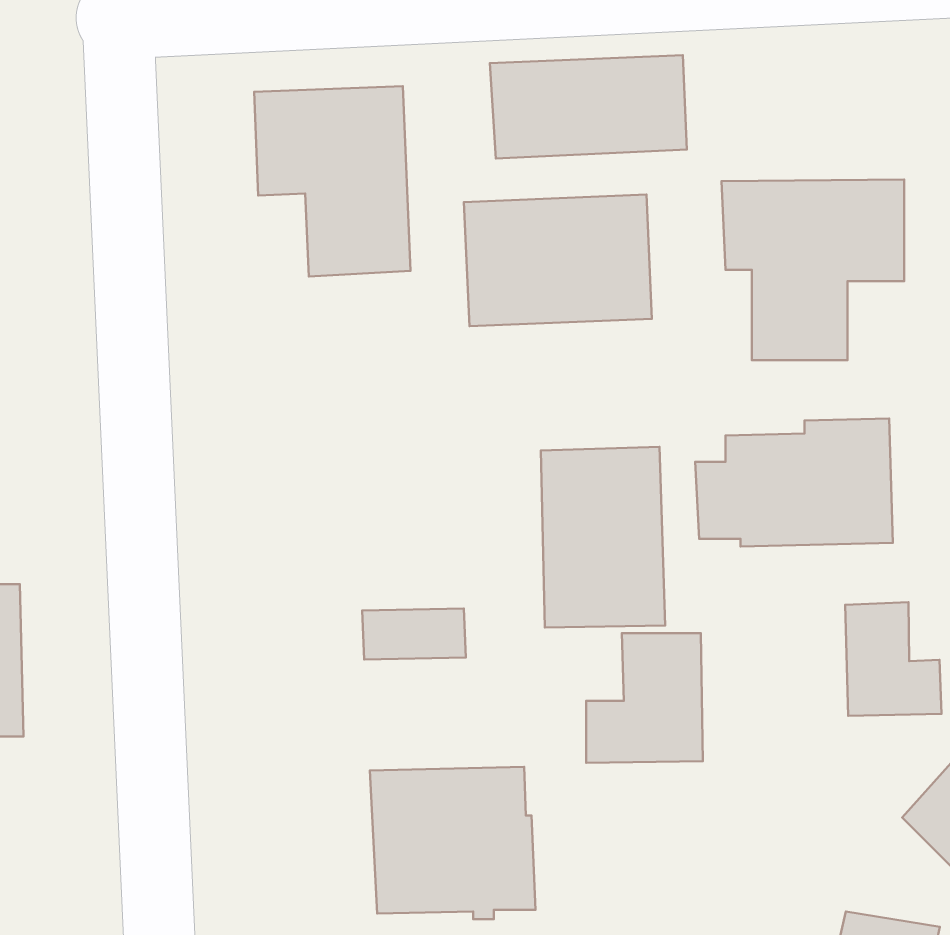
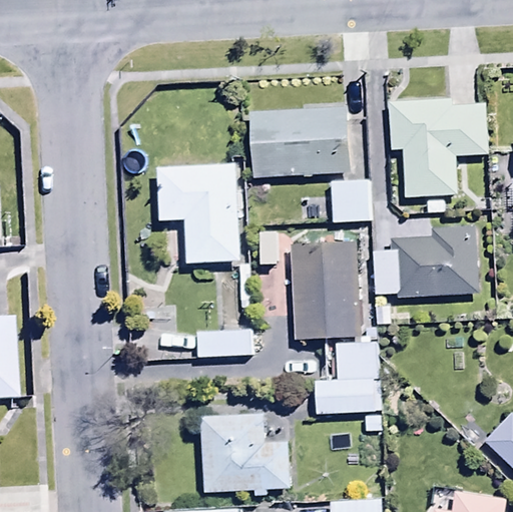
building: [490,55,687,159] -> none
building: [254,86,410,276] -> [157,163,240,265]
building: none -> [332,178,371,222]
building: [845,602,941,716] -> none

